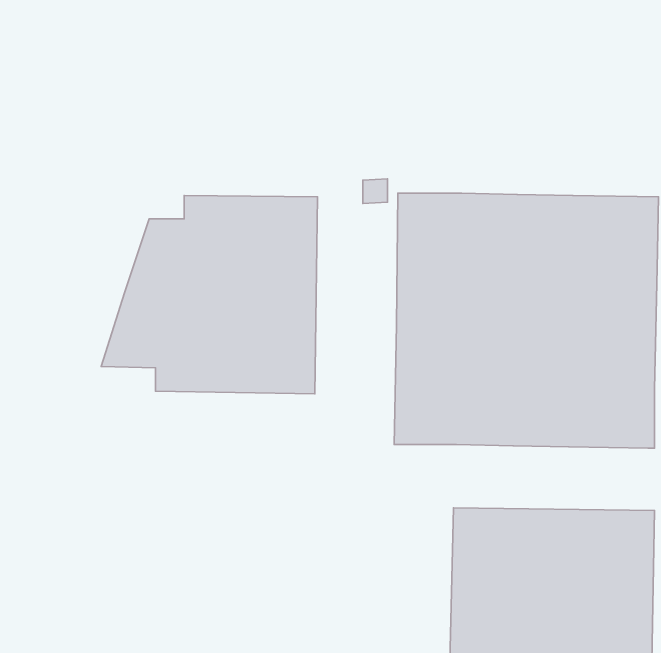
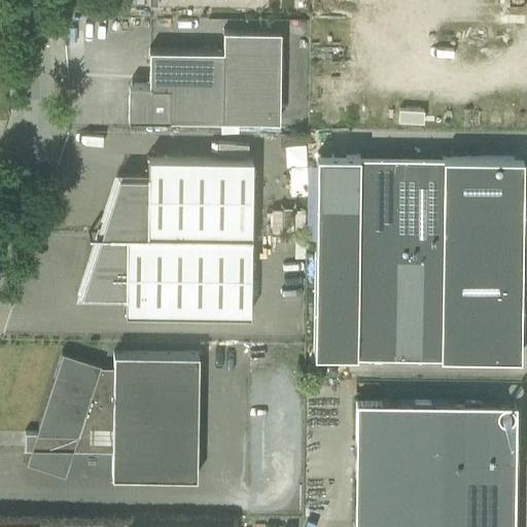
building: none -> [129,36,281,127]
building: none -> [25,357,201,484]

